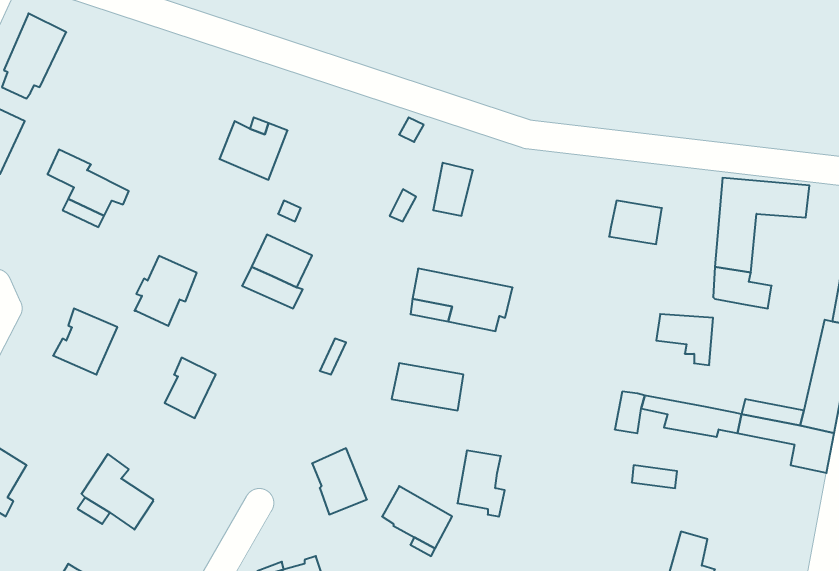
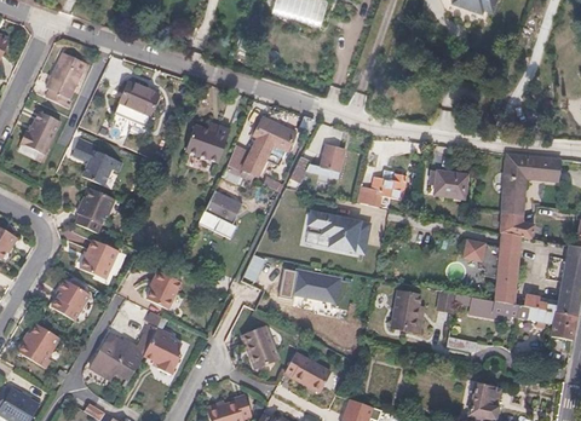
building: none -> [115,79,161,126]
building: none -> [241,117,295,177]
building: none -> [367,171,405,207]
building: [134,256,197,326] -> [73,186,113,231]
building: none -> [494,231,519,304]
building: none -> [51,279,88,321]
building: none -> [144,325,184,373]
building: [457,450,505,517] -> [391,290,421,333]

